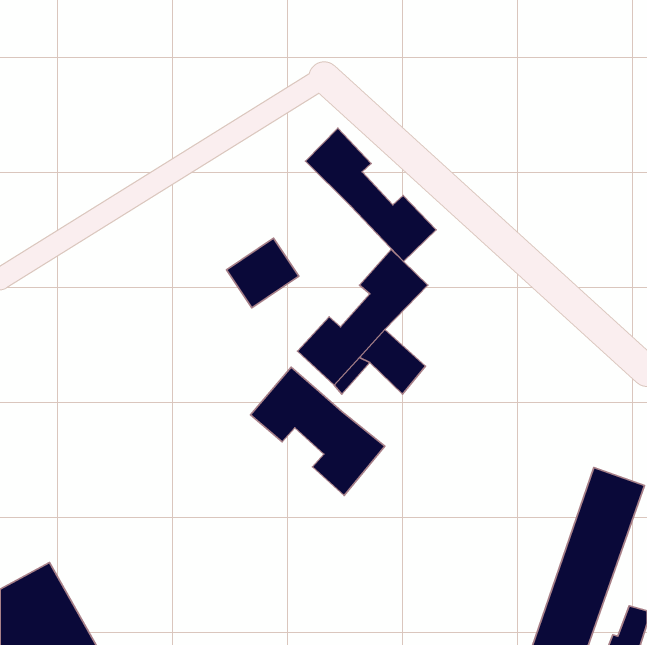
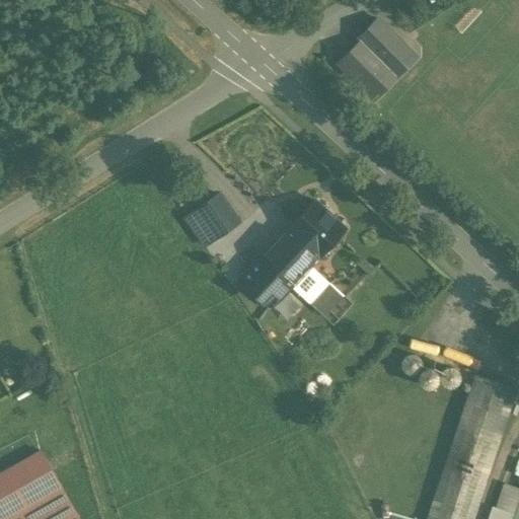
building: none -> [335,15,419,102]
building: [305,128,436,262] -> none
building: [250,367,385,495] -> none

